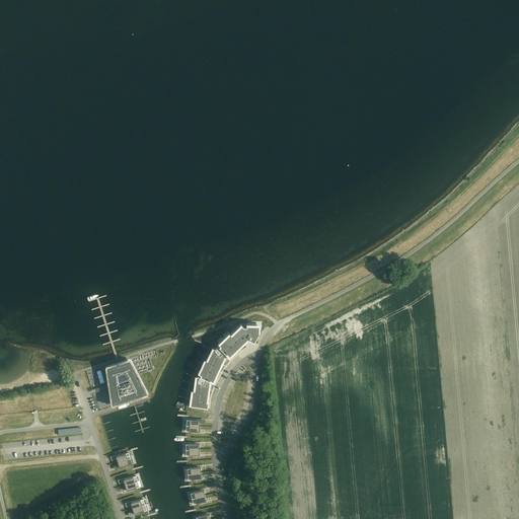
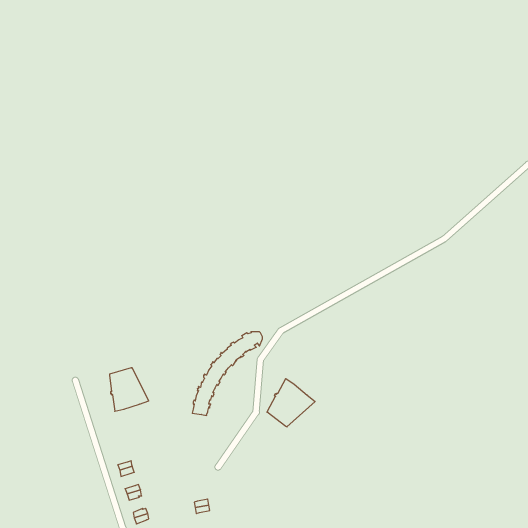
building: none -> [267,379,315,427]

